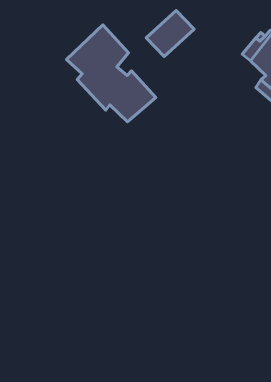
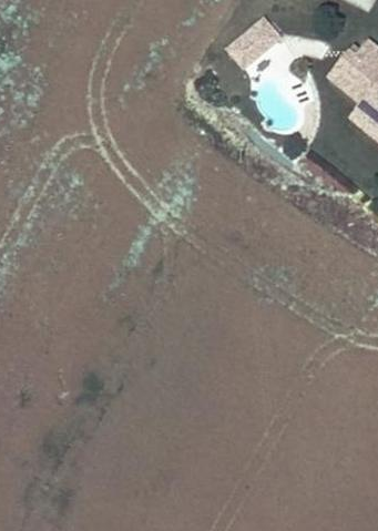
building: [67,25,156,122] -> none

